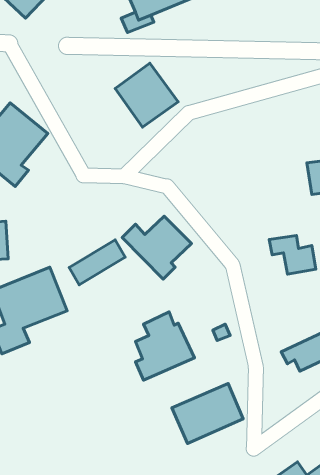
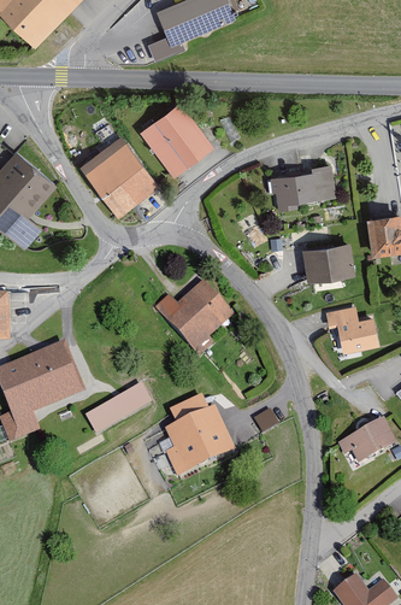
building: none -> [81,133,160,216]
building: none -> [272,163,336,205]
building: none -> [302,241,354,281]
building: [69,240,125,285] -> [87,382,153,435]
building: [172,383,243,443] -> none

